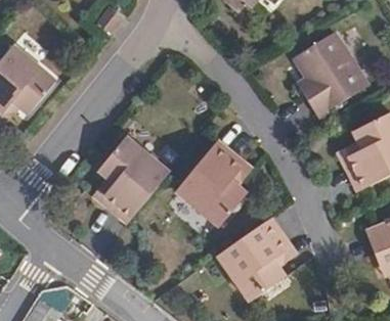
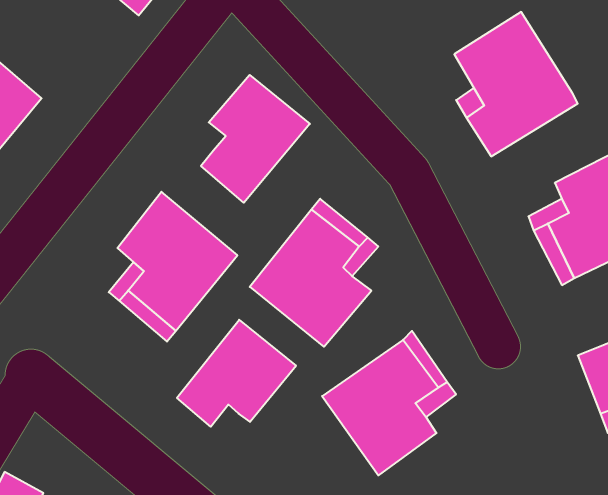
building: none -> [201,75,310,203]
building: none -> [177,320,296,427]

